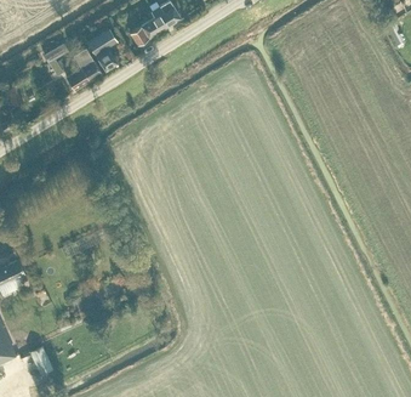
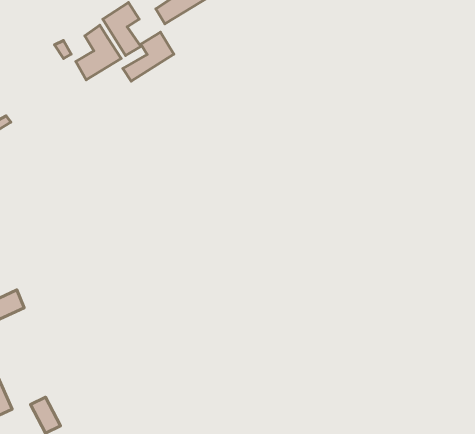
building: none -> [123,32,174,81]

